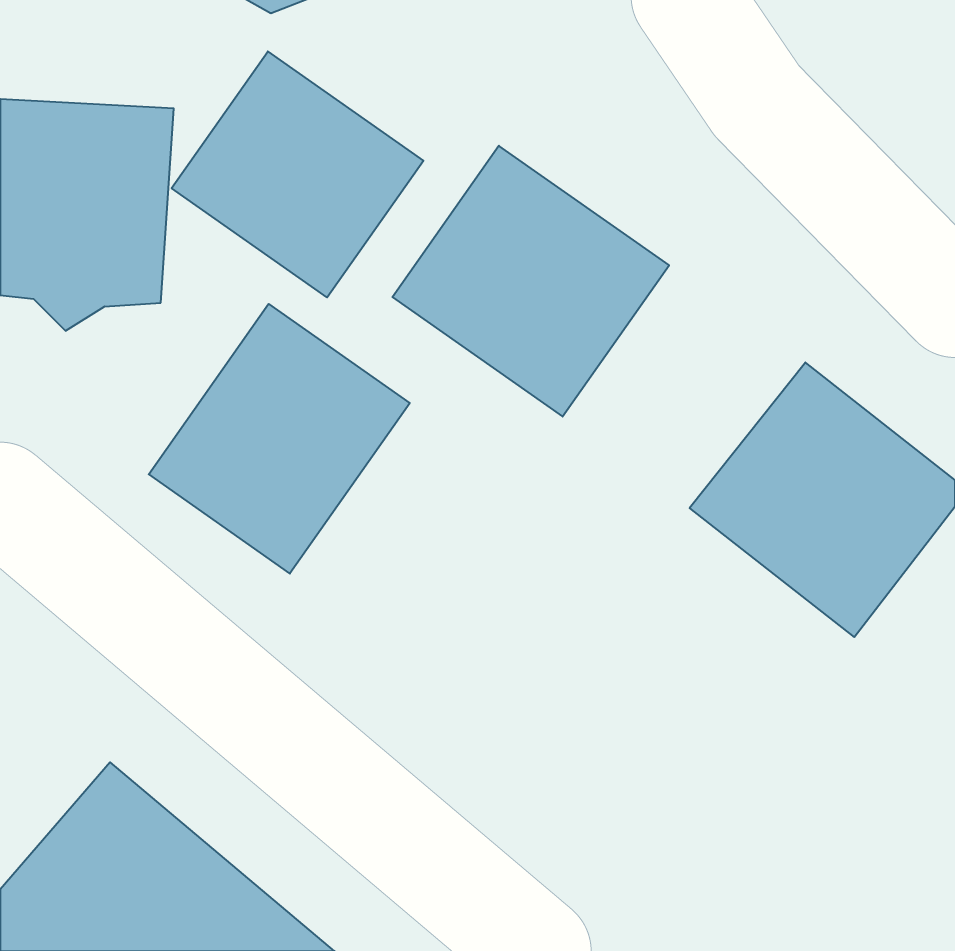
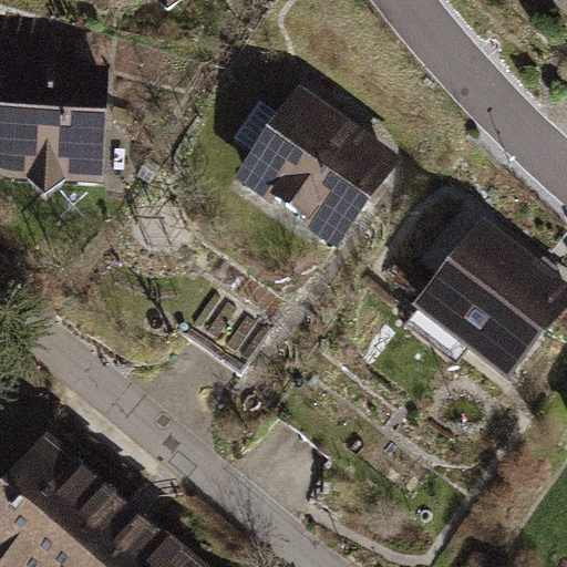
building: [172,51,423,297] -> none
building: [149,304,410,574] -> none

